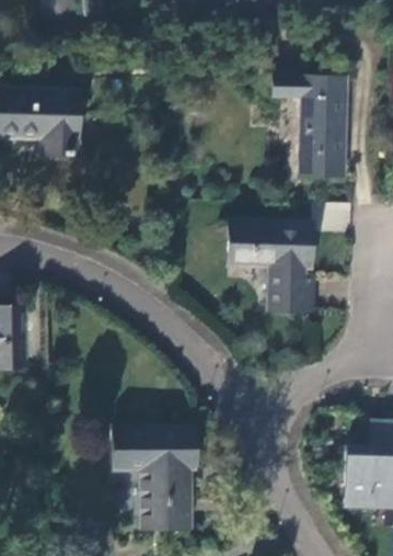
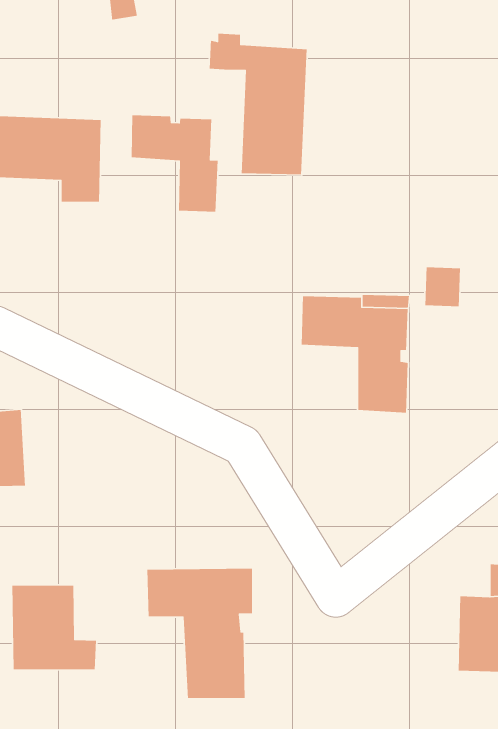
building: [273,68,347,175] -> [209,33,308,175]
building: none -> [131,114,218,213]
building: none -> [12,585,97,670]

